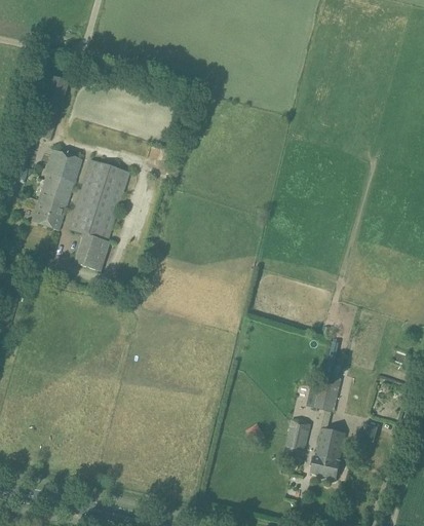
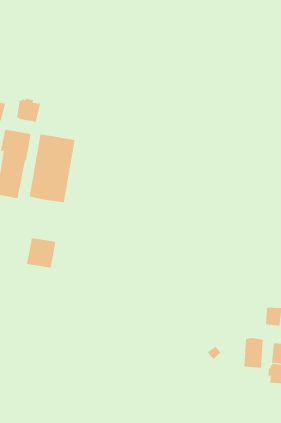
building: none -> [16,98,40,123]
building: [73,233,110,270] -> [26,238,56,268]

